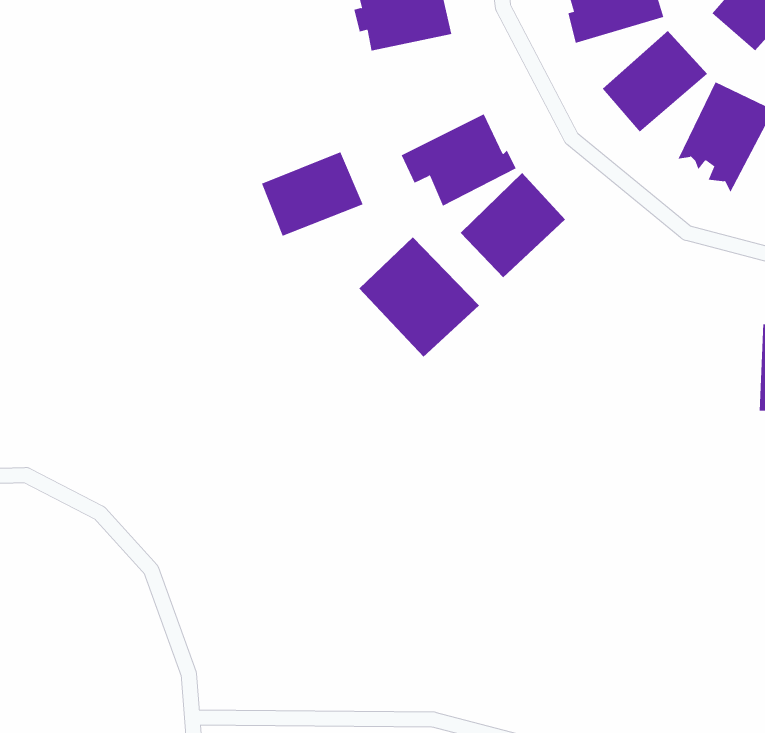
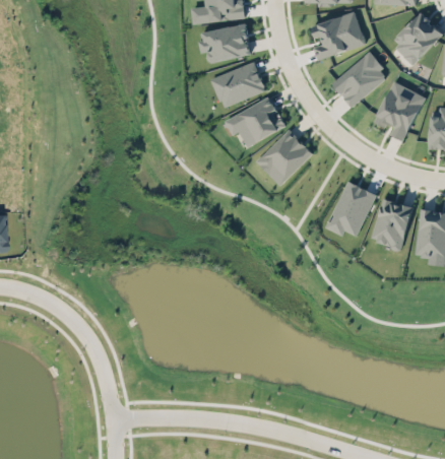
building: [261,151,364,237] -> [211,61,266,107]
building: [359,236,480,357] -> none
building: none -> [328,182,375,237]
building: none -> [372,194,414,251]

